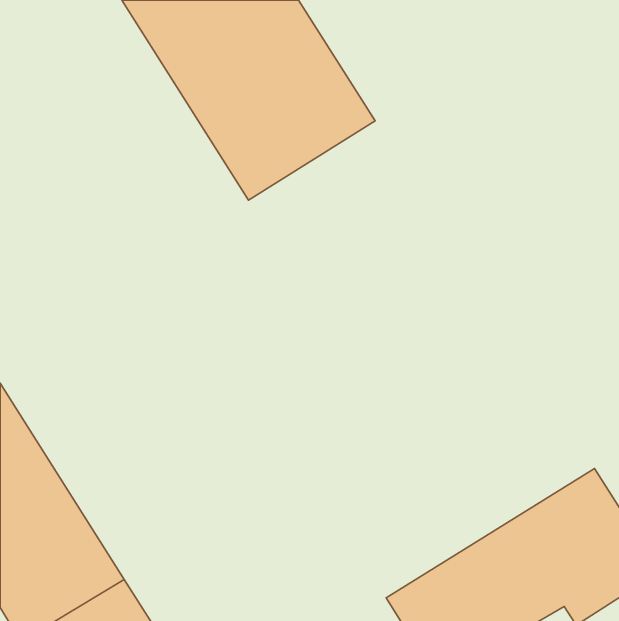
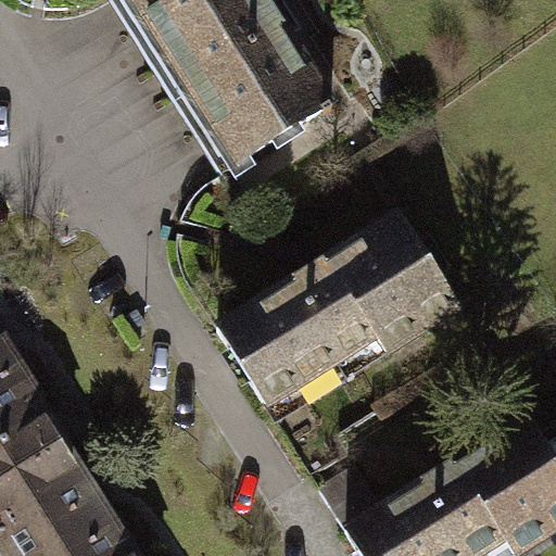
building: none -> [220,218,464,409]

